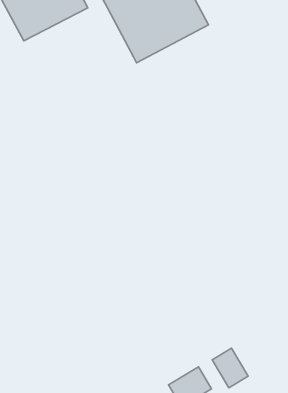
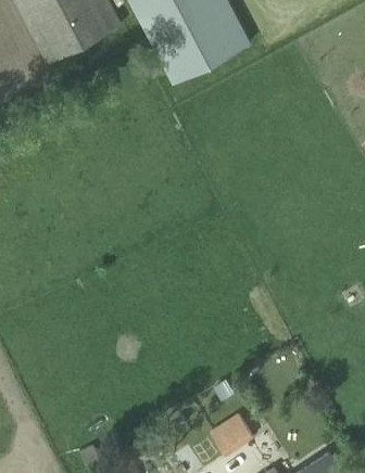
building: [212,348,248,388] -> none

